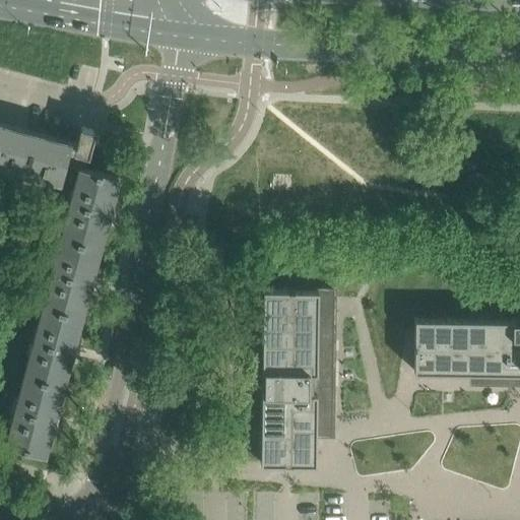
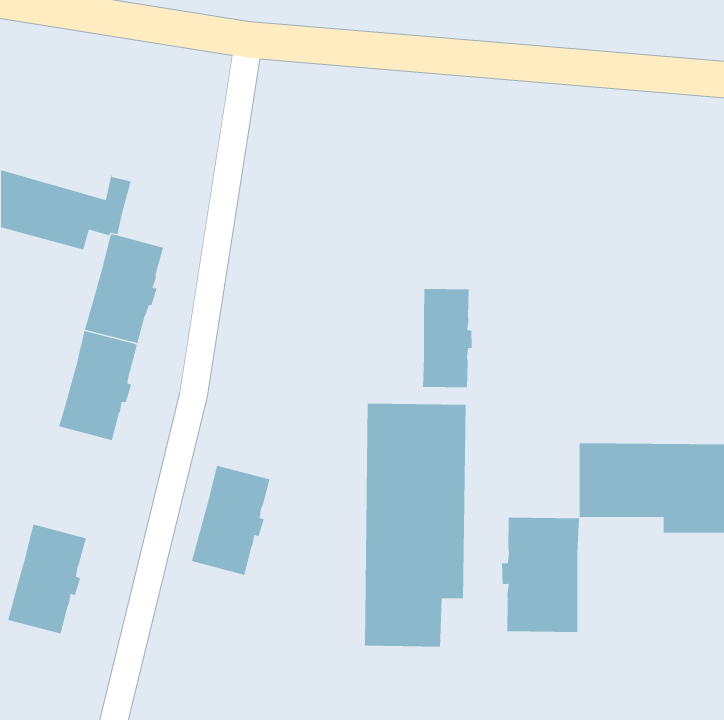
building: none -> [422,288,472,388]
building: [25,310,82,389] -> [191,465,270,576]
building: none -> [501,517,580,633]

